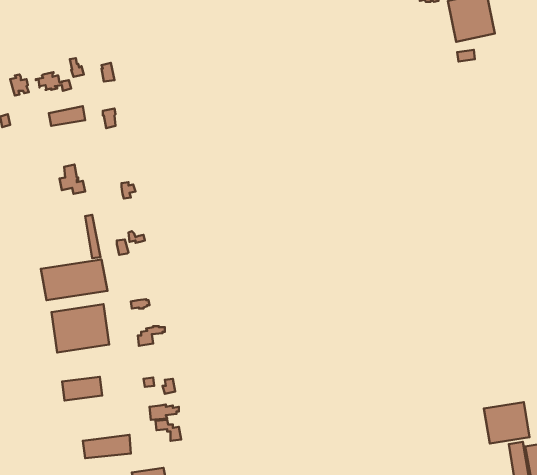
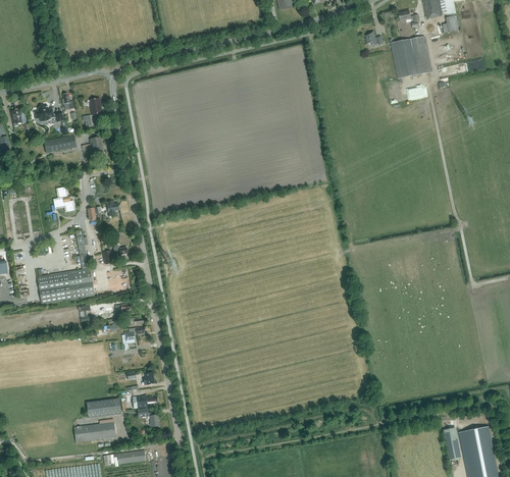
building: [52,304,109,353] -> none
building: [62,377,102,400] -> [86,398,120,418]
building: [484,402,530,444] -> none

